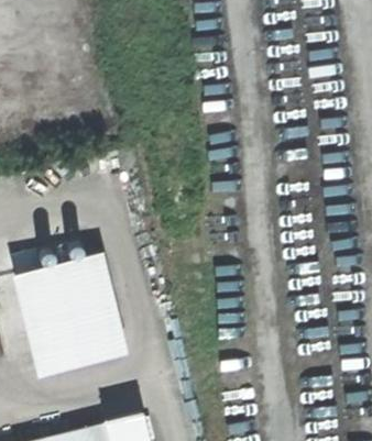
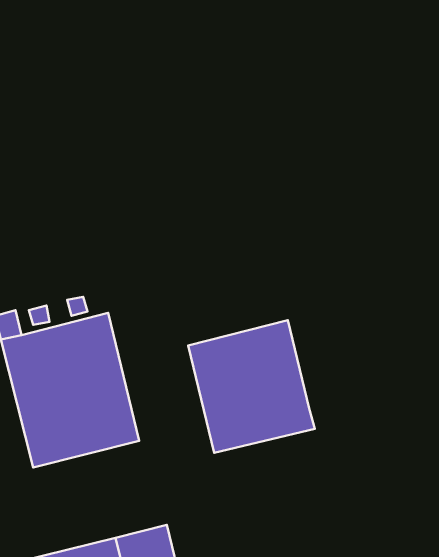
building: none -> [188,320,315,453]

